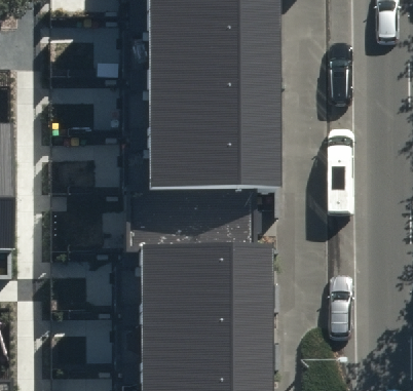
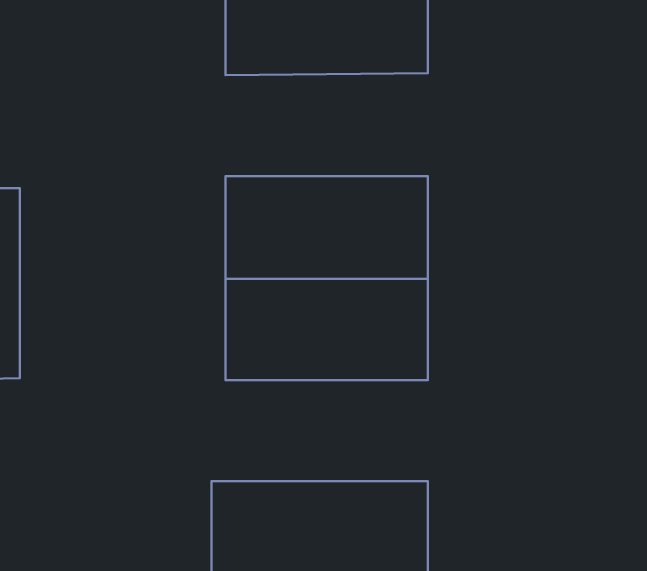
building: [147,69,266,129] -> none
building: [139,249,266,309] -> none

